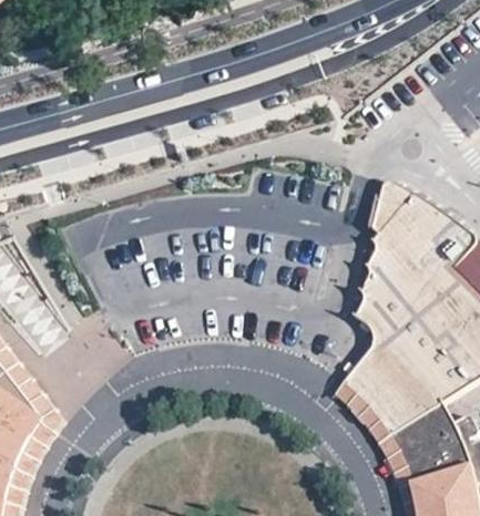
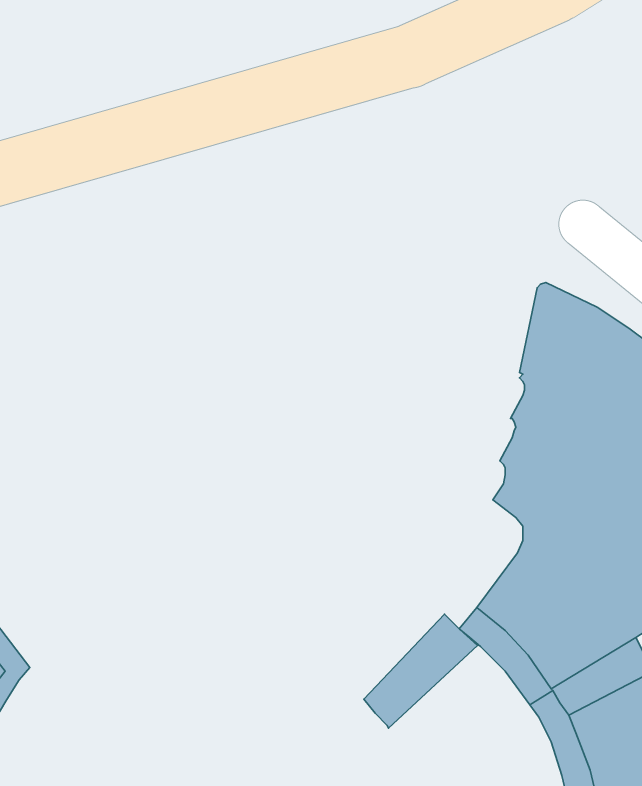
building: none -> [364,614,477,728]

